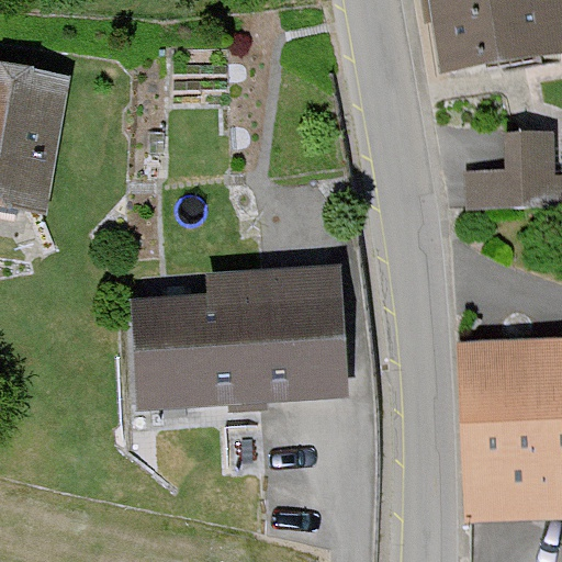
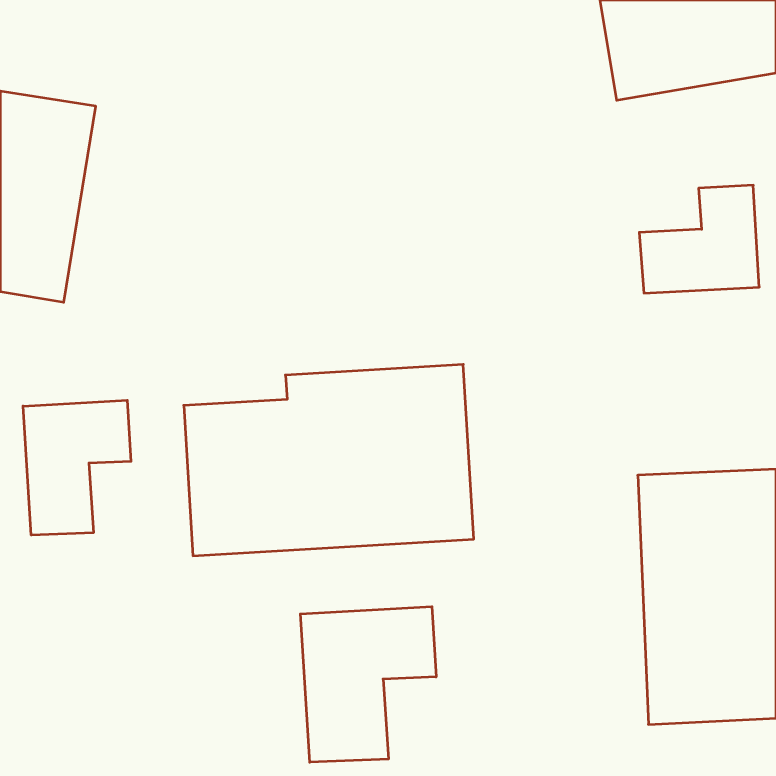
building: none -> [23,400,131,535]
building: none -> [300,607,436,762]

